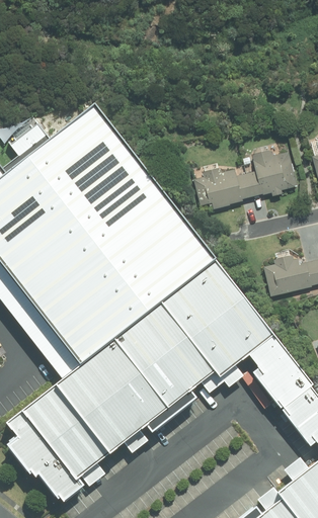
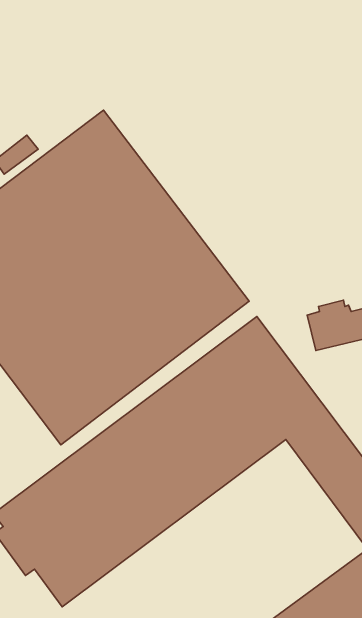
building: [191,150,296,208] -> none

